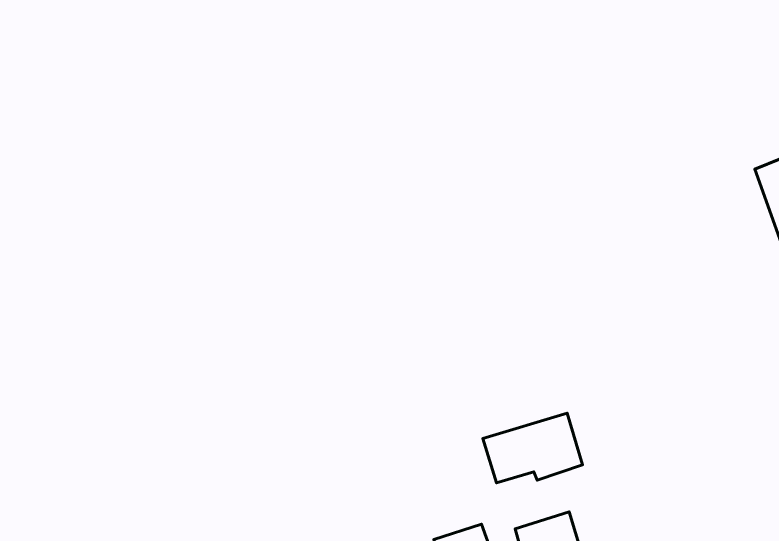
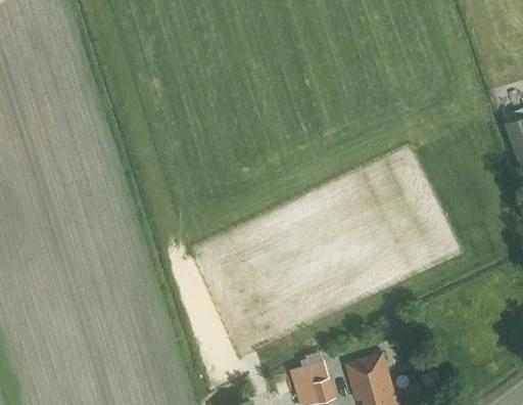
building: [483,413,583,483] -> none

